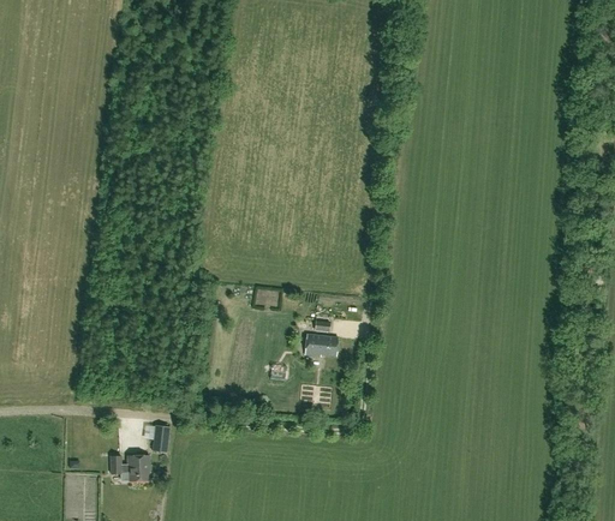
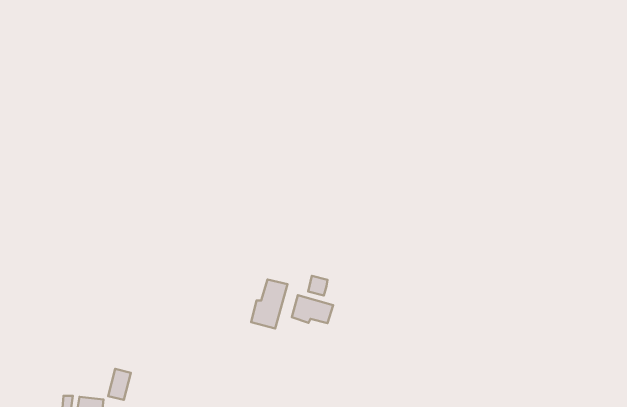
building: none -> [251,279,287,328]

